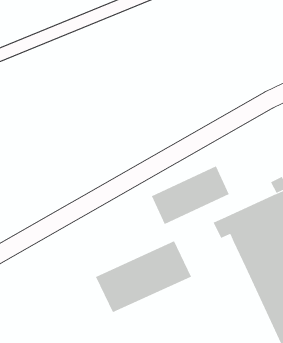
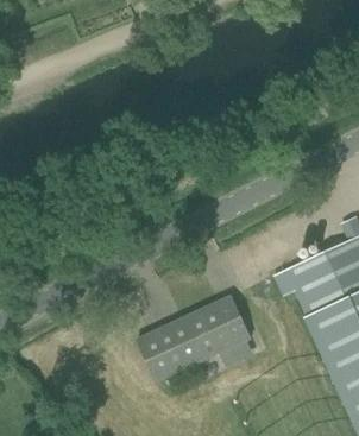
building: [151,165,229,225] -> none

